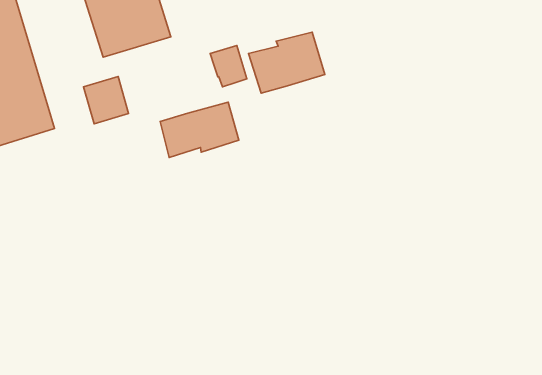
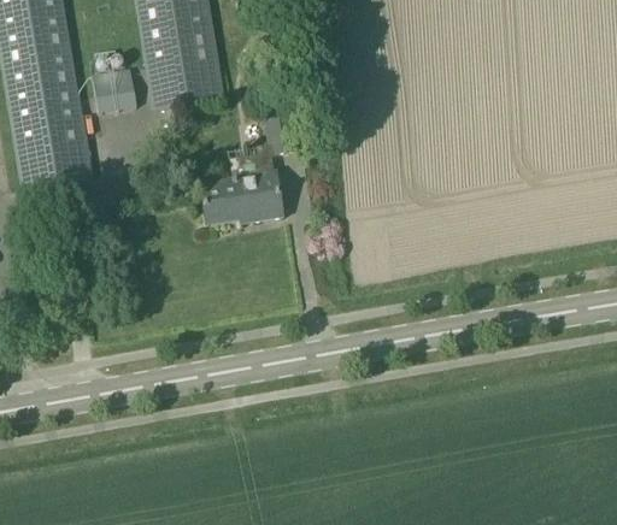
building: [248,32,325,93] -> none
building: [84,77,129,124] -> [90,65,134,111]

